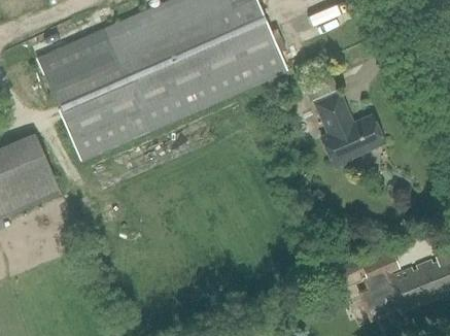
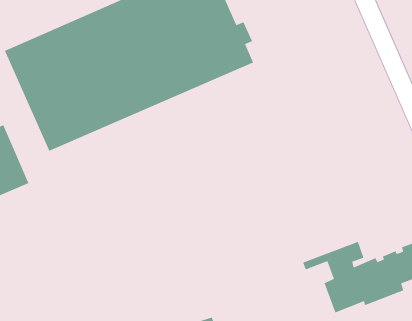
building: [315,94,385,167] -> none

